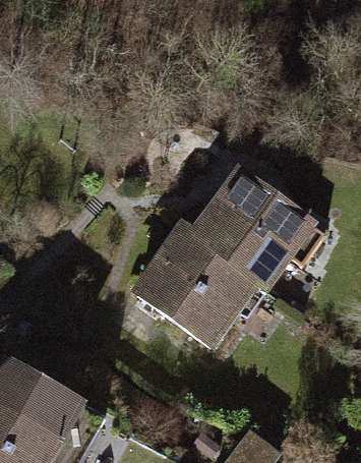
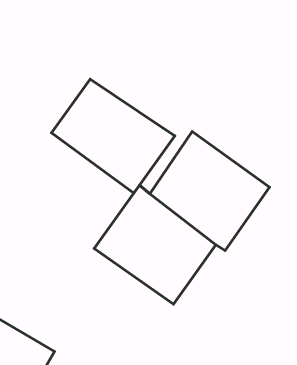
building: none -> [51,79,175,193]

